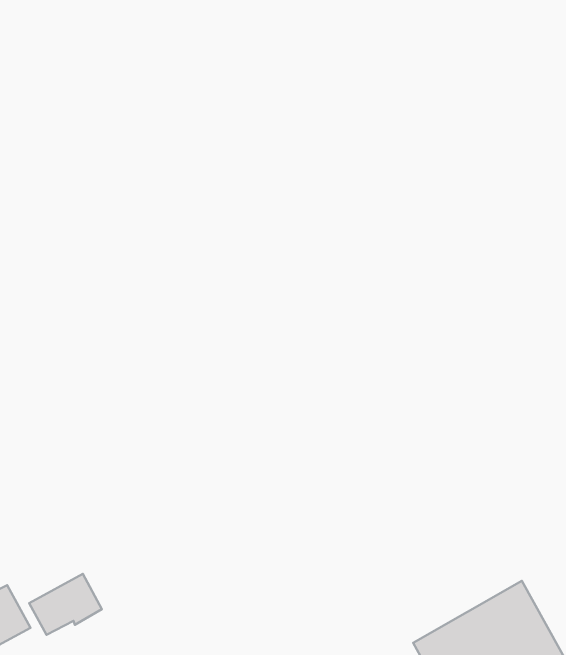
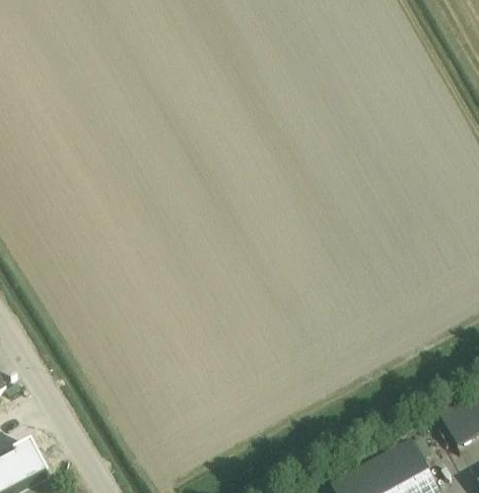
building: [29,574,102,635] -> none

